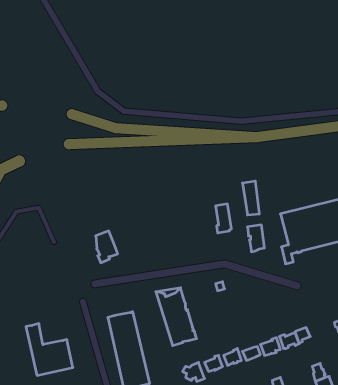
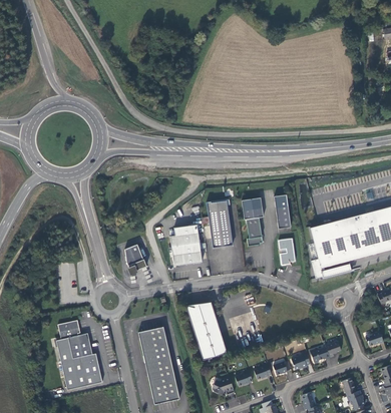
building: none -> [241,197,263,220]
building: none -> [207,199,233,248]
building: none -> [170,225,203,266]
building: none -> [58,320,92,359]

